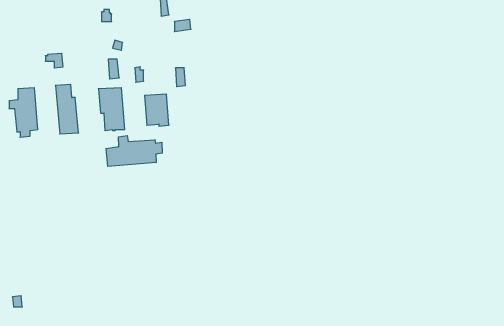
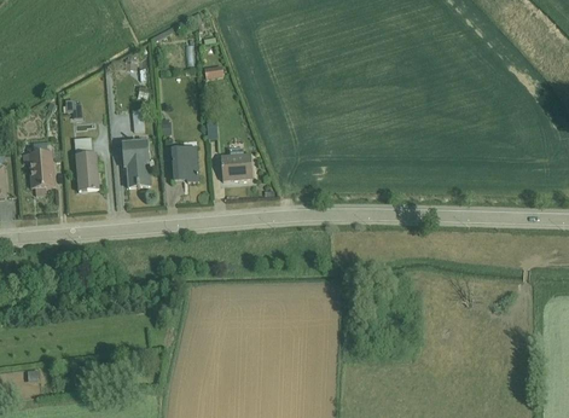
building: none -> [220,140,252,180]
building: [106,136,162,166] -> none

